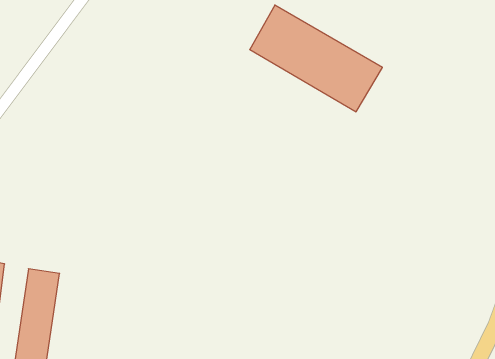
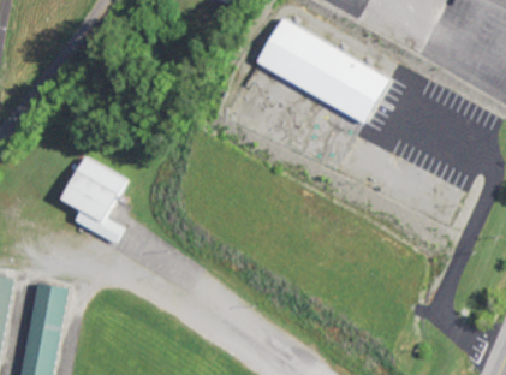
building: none -> [62,159,124,240]

